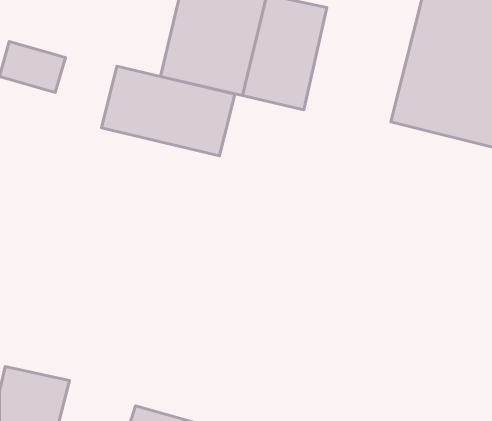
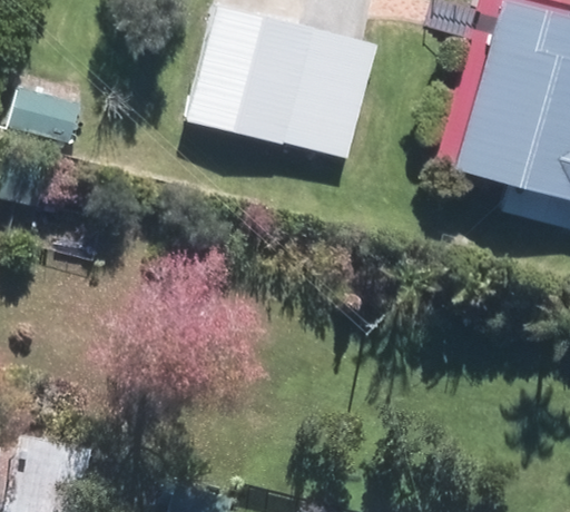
building: [102,66,235,156] -> none

